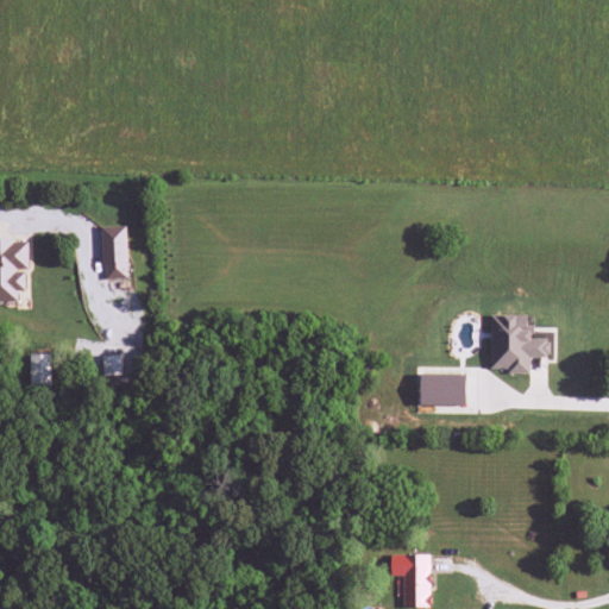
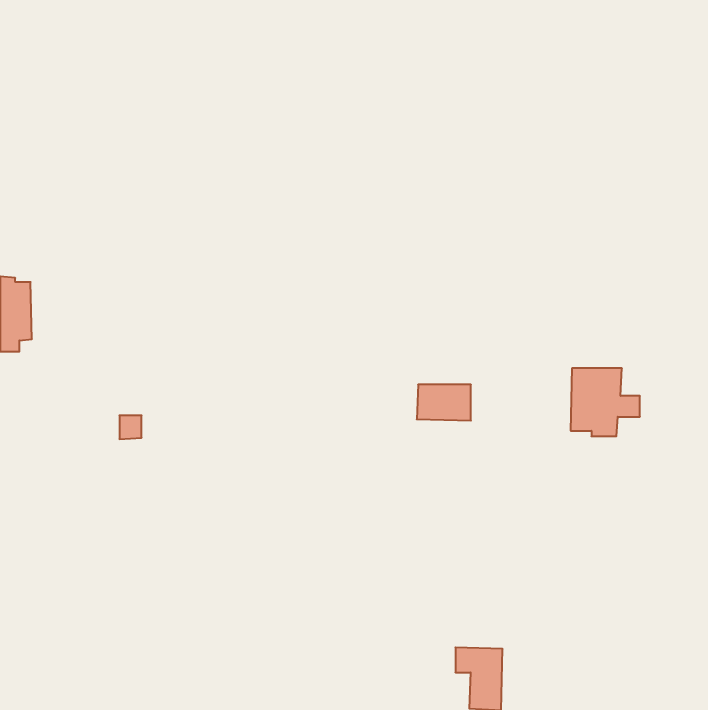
building: [102,227,127,280] -> none
building: [30,354,51,385] -> none
building: [420,375,466,406] -> [417,385,471,421]

